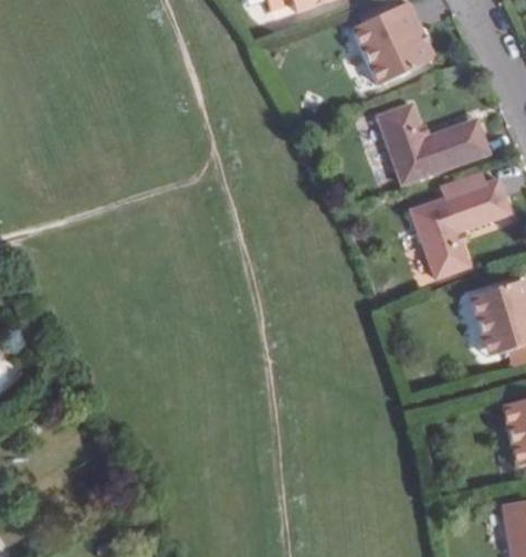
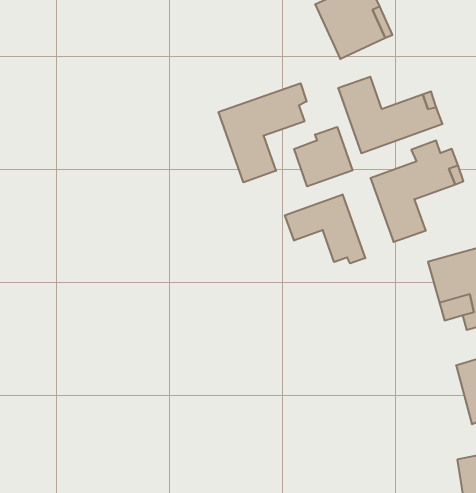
building: none -> [219,83,307,182]
building: none -> [294,127,353,186]
building: none -> [285,194,365,263]

